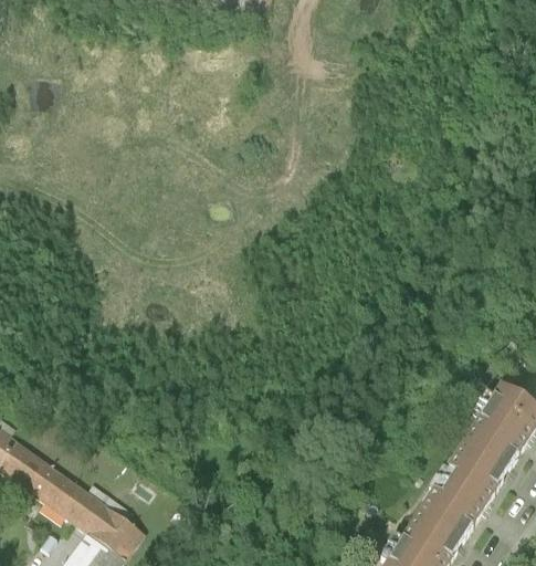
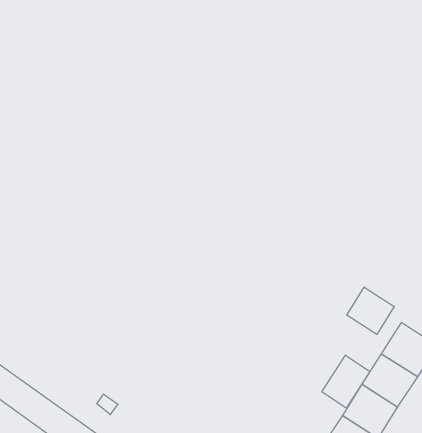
building: none -> [347,287,394,334]
building: none -> [322,355,370,408]

